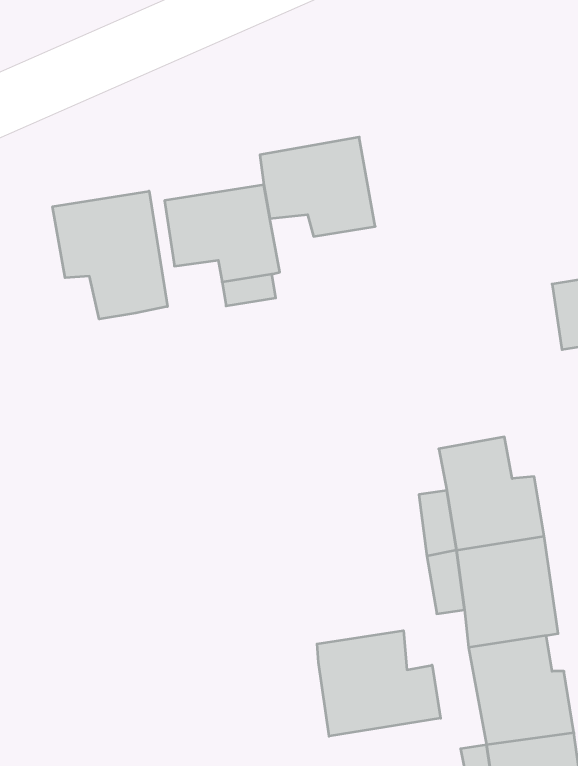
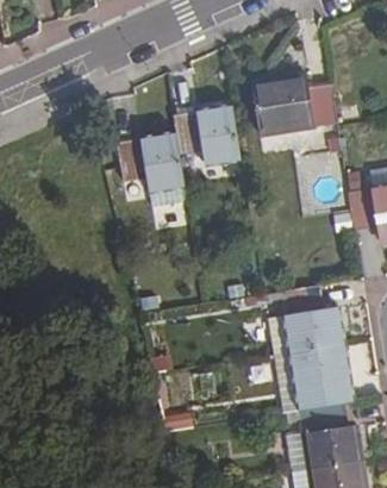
building: none -> [252,76,338,137]
building: [53,191,167,319] -> none
building: [317,631,441,736] -> none

